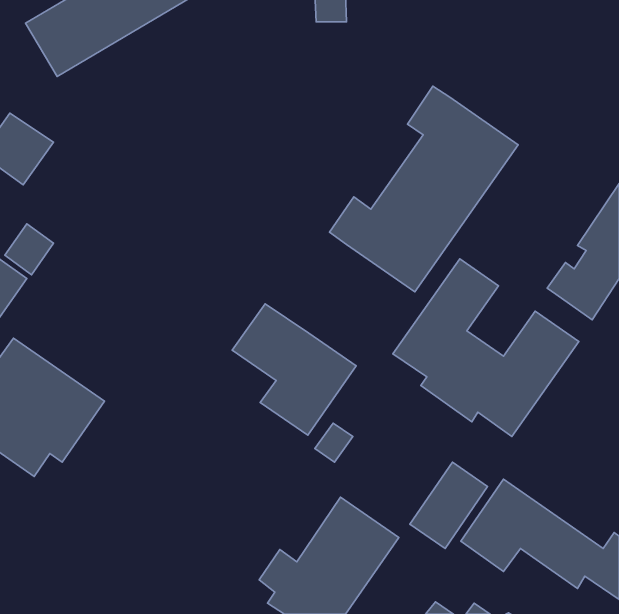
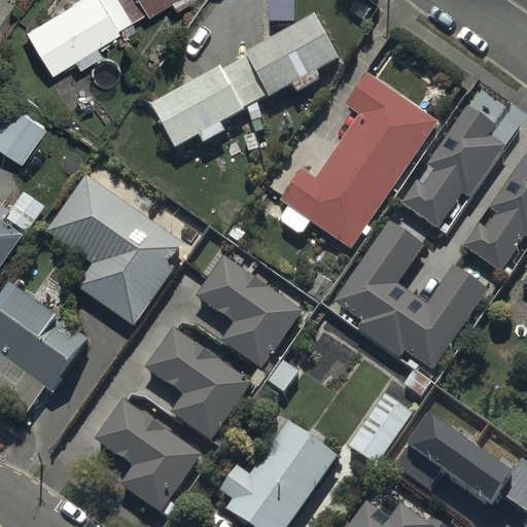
building: none -> [151,15,340,150]
building: none -> [397,108,504,229]
building: none -> [45,173,182,324]
building: none -> [148,327,253,440]
building: none -> [96,399,201,512]

